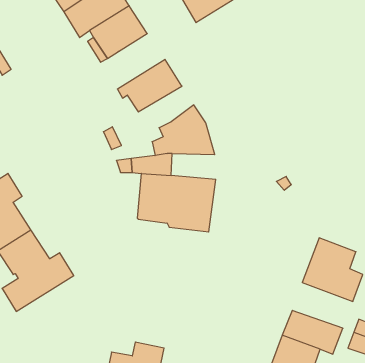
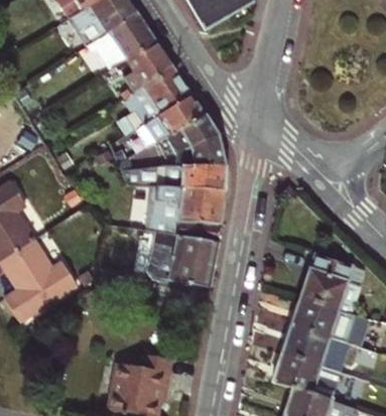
building: none -> [118,39,170,96]
building: none -> [132,93,200,144]
building: none -> [176,161,222,187]
building: none -> [137,228,215,303]
building: none -> [299,292,361,338]

